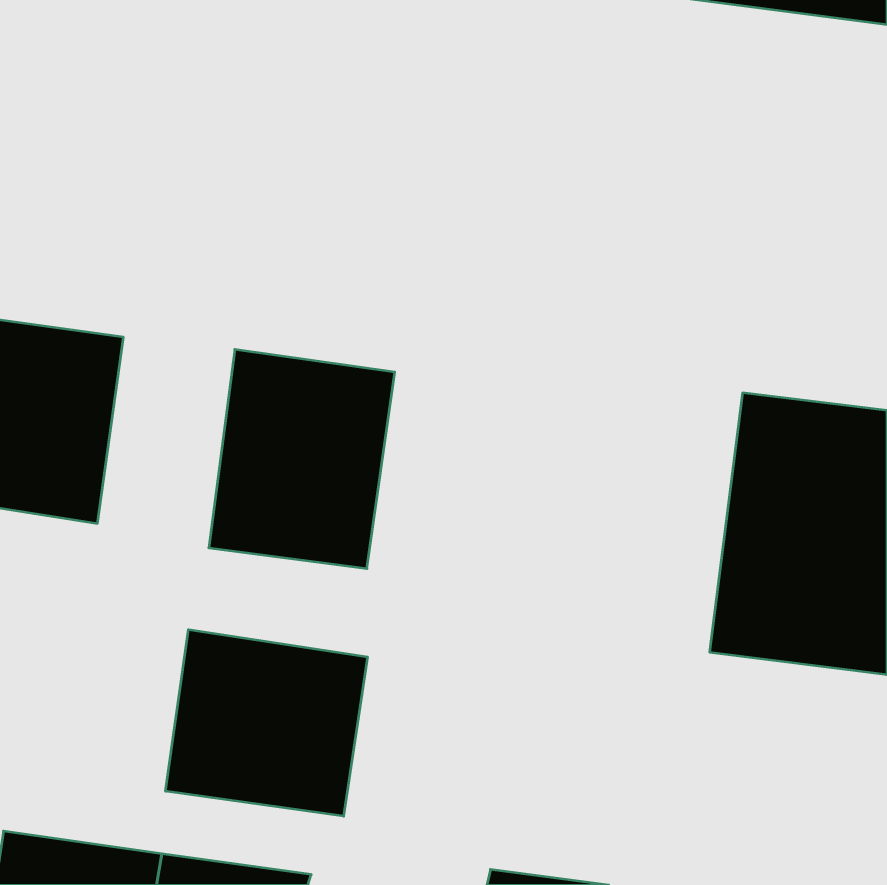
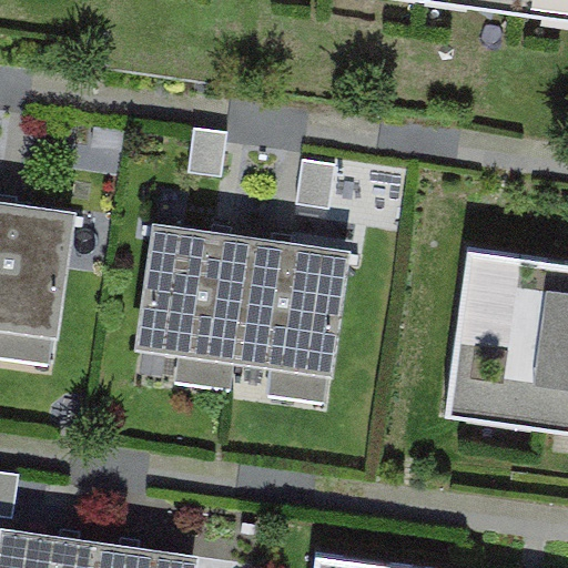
building: none -> [234,237,352,377]
building: [166,630,367,816] -> none

